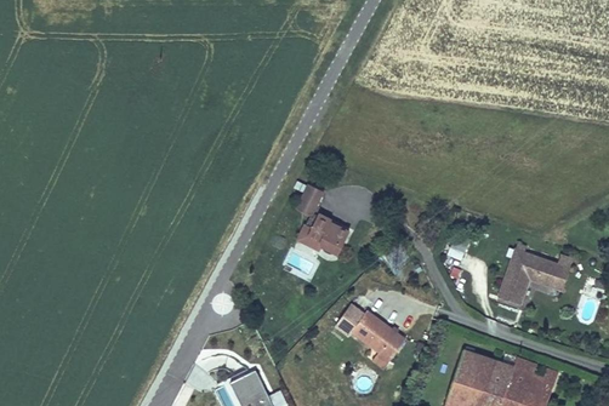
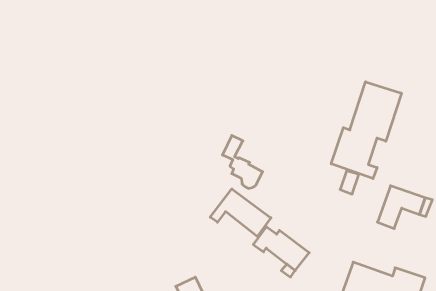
building: none -> [331,82,401,179]
building: none -> [210,189,271,236]

